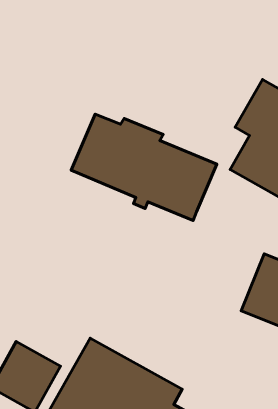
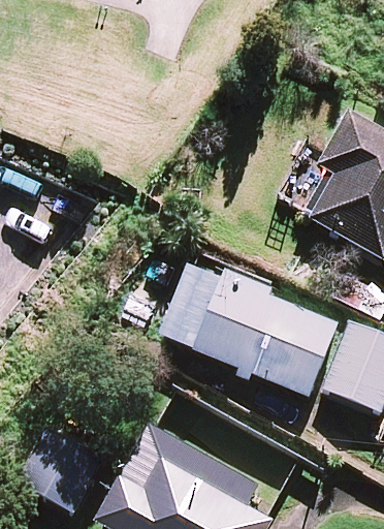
building: [71,114,217,221] -> [161,264,338,394]

